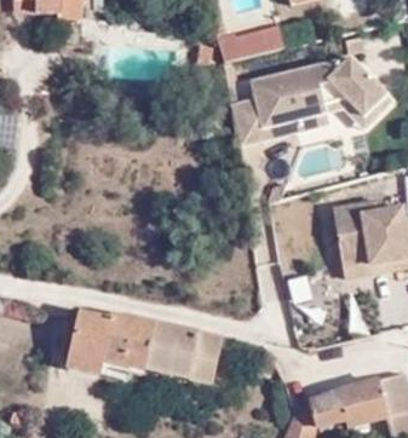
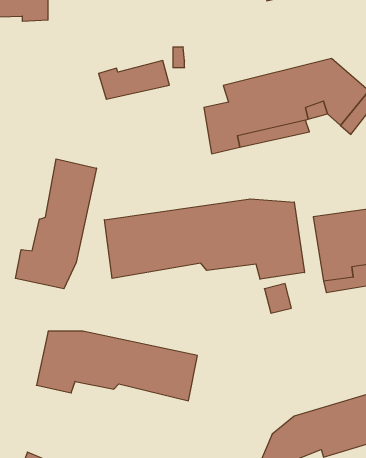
building: [214,22,281,58] -> [99,61,169,99]
building: none -> [15,159,96,289]
building: none -> [104,199,304,279]

